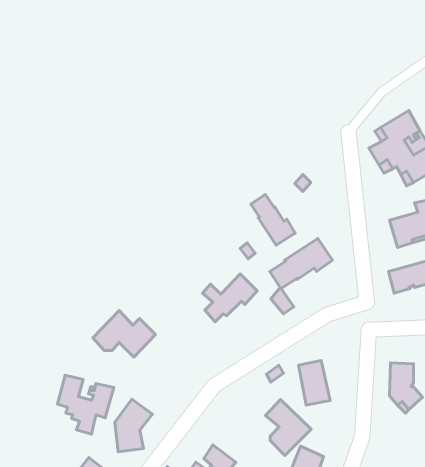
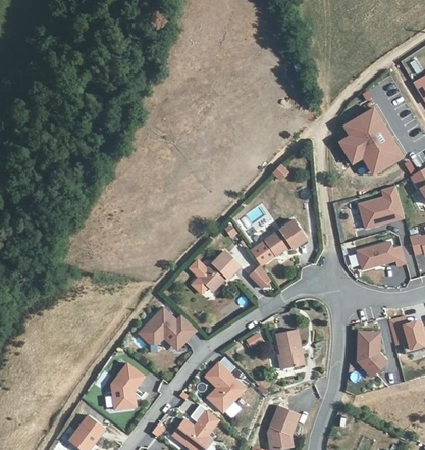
building: [251,195,295,245] -> none
building: [93,310,155,357] -> [140,309,196,351]
building: [58,375,114,434] -> none
building: [266,399,311,455] -> [205,363,246,413]

